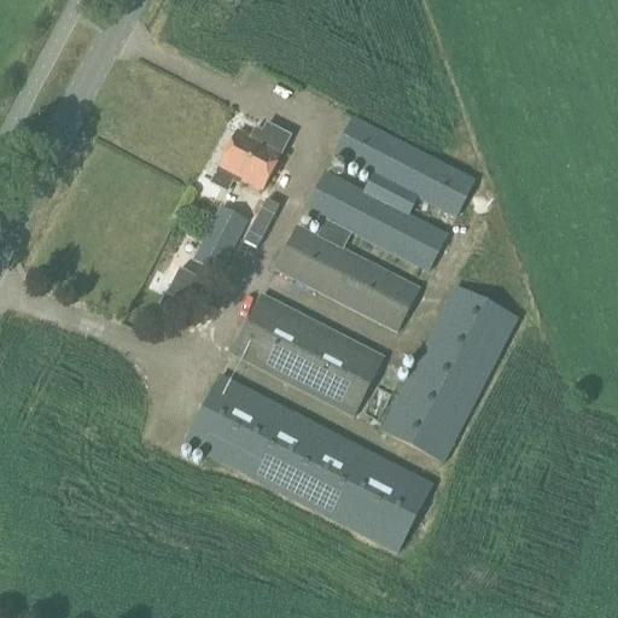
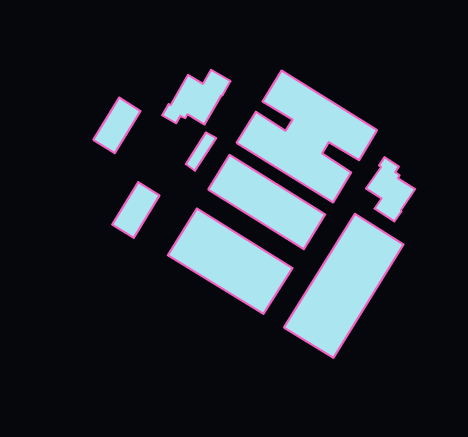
building: [192,204,247,273] -> [93,98,141,153]
building: none -> [366,157,415,222]
building: [183,373,433,552] -> none

